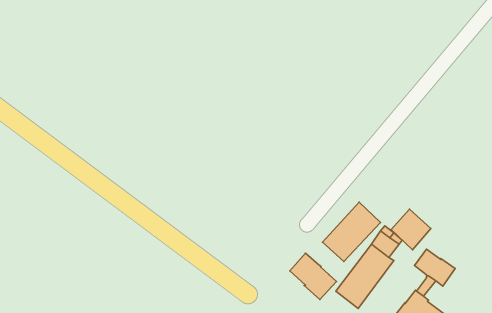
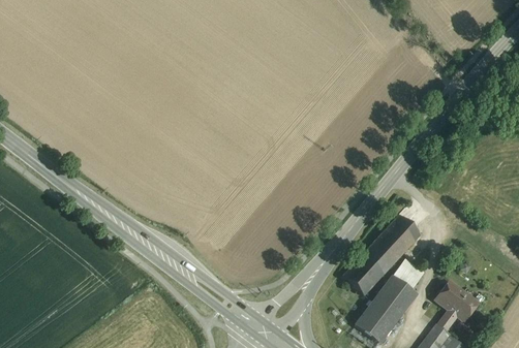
building: [391,209,431,250] -> [380,215,421,256]
building: [290,253,337,300] -> none

